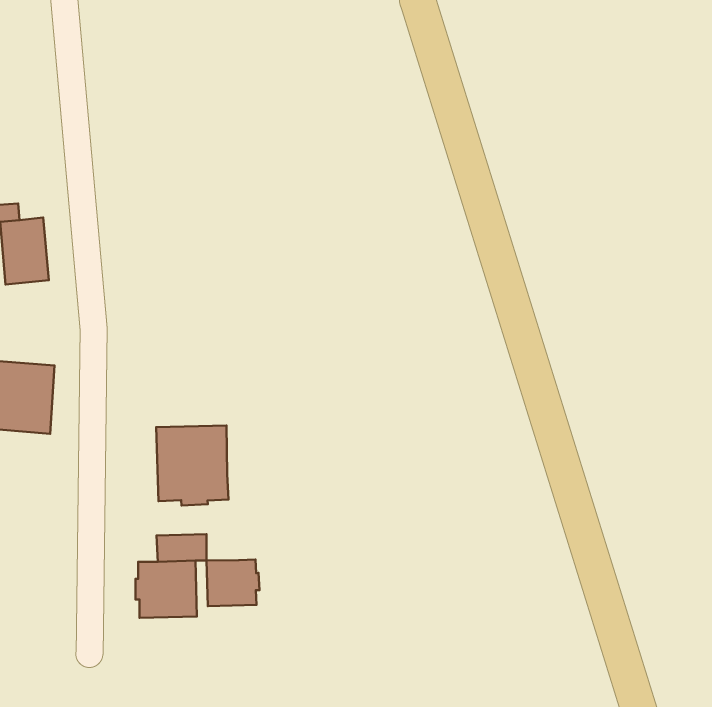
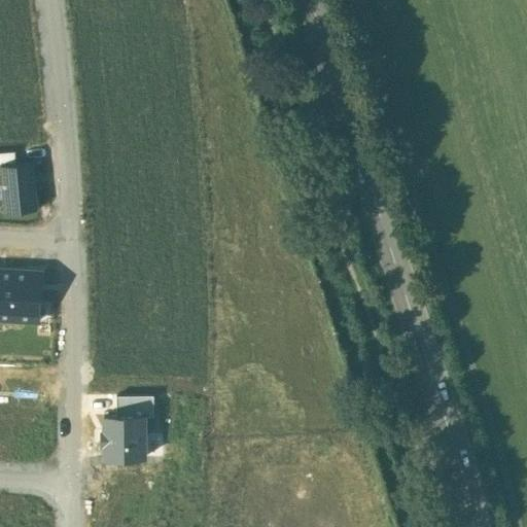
building: [156,425,229,506] -> none
building: [207,559,259,606] -> none

